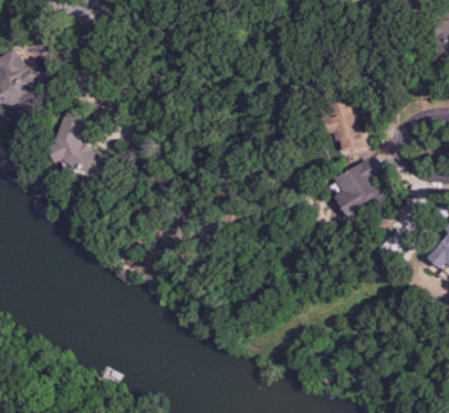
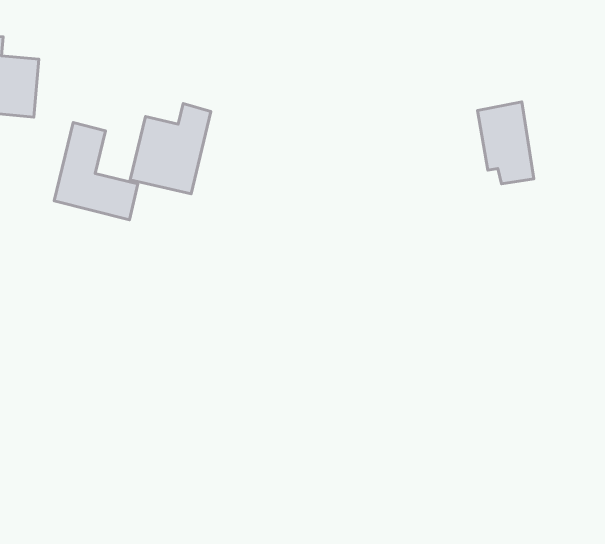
building: none -> [130,104,211,194]
building: [332,159,387,221] -> none

